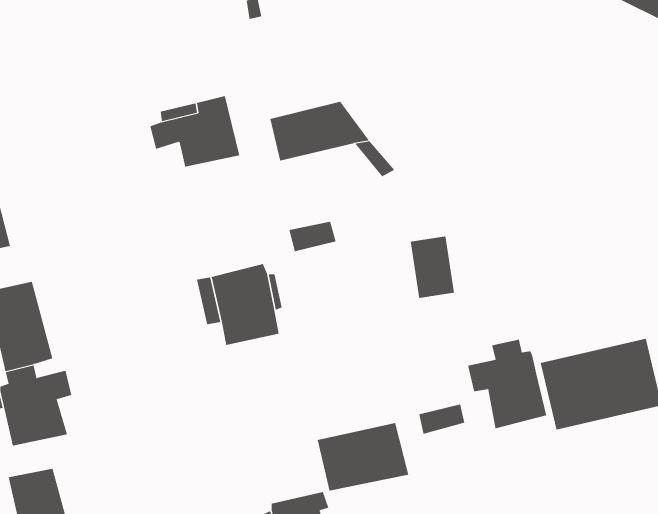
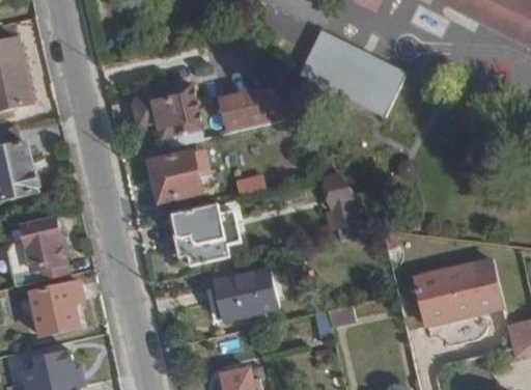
building: none -> [297,30,402,115]
building: none -> [150,149,212,201]
building: [467,339,547,429] -> none
building: [317,422,409,491] -> [214,270,279,318]

